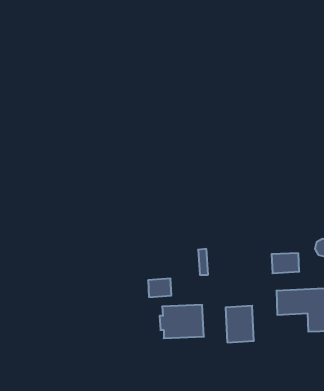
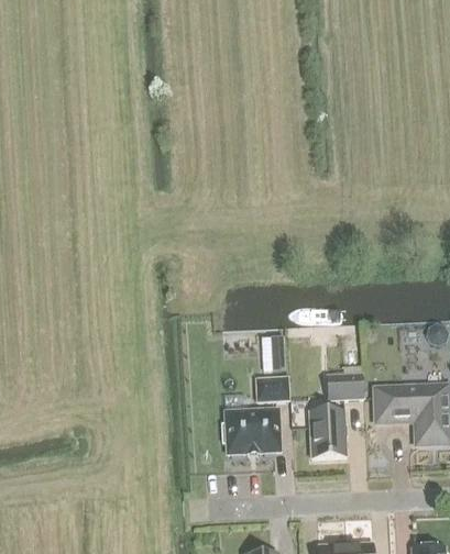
building: [272,253,299,273] -> [327,374,363,400]
building: [148,279,171,297] -> [256,376,287,400]

